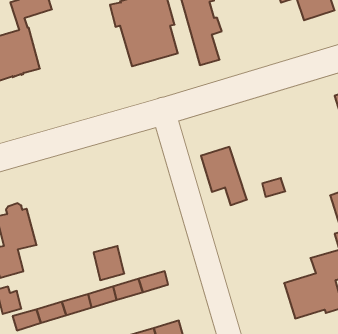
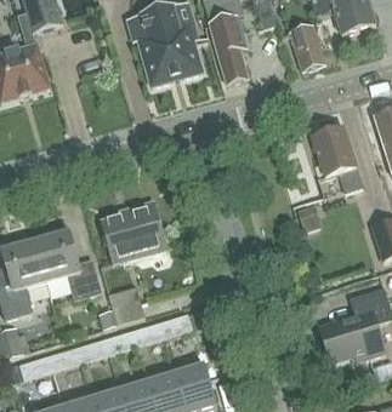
building: none -> [289,23,325,70]
building: [201,147,247,205] -> [312,127,363,191]
building: none -> [101,202,164,263]
building: none -> [34,229,100,299]

